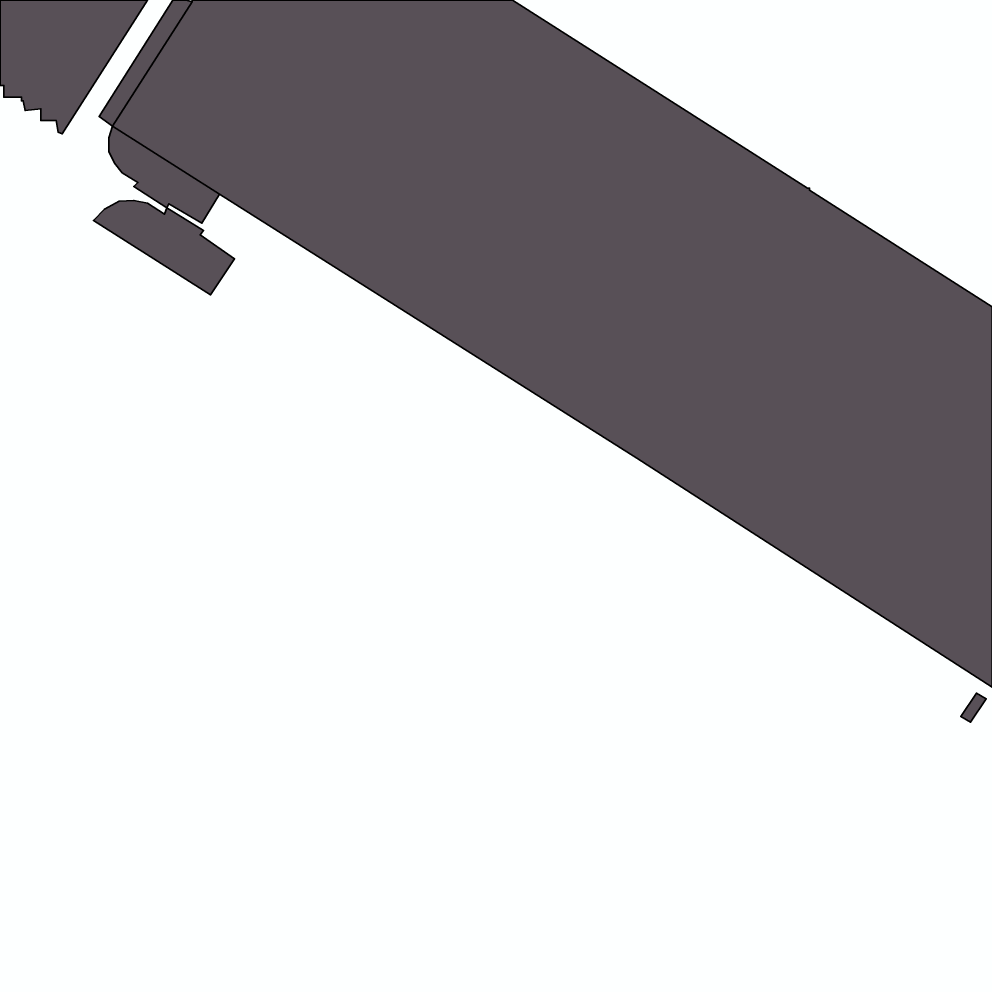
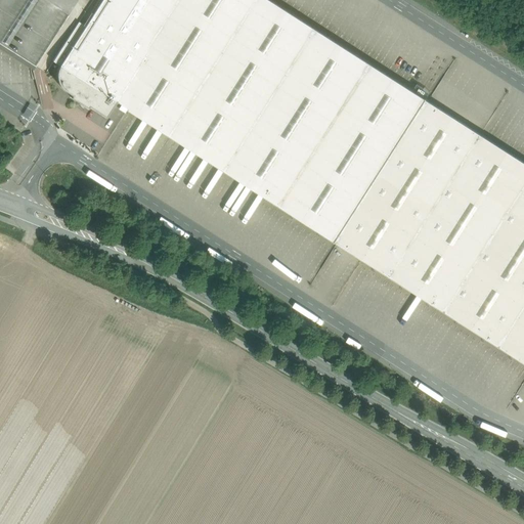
building: [94,201,235,295] -> none

